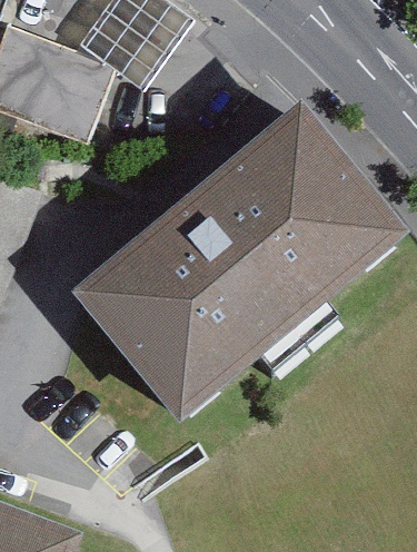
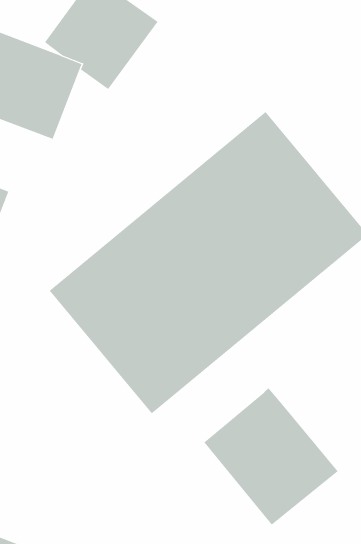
building: none -> [203,388,338,526]

